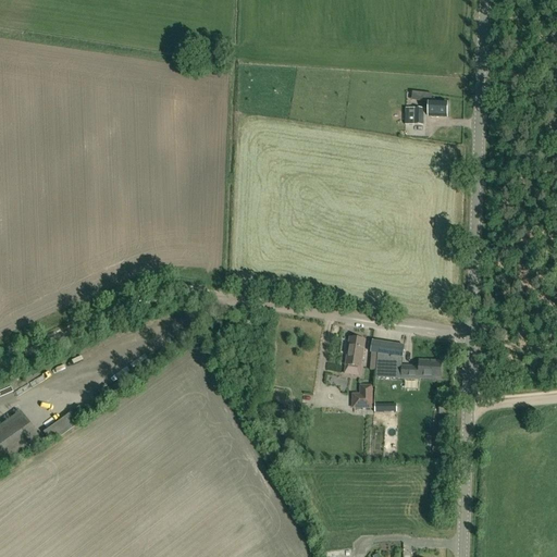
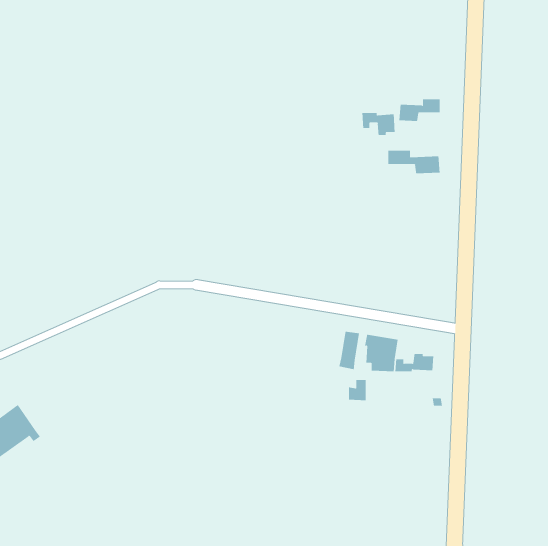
building: none -> [362,112,395,136]
building: none -> [388,150,440,174]

